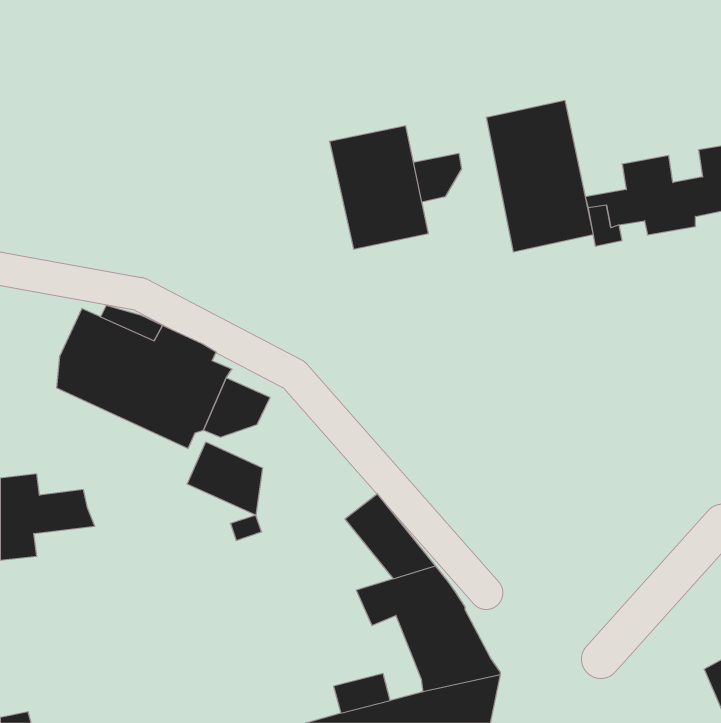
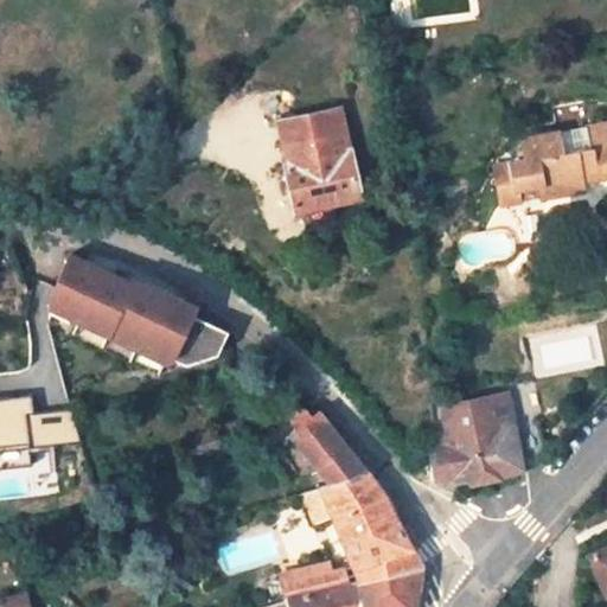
building: [487,100,593,252] -> none
building: [413,153,462,202] -> none
building: [187,442,262,515] -> none
building: none -> [433,394,548,484]

